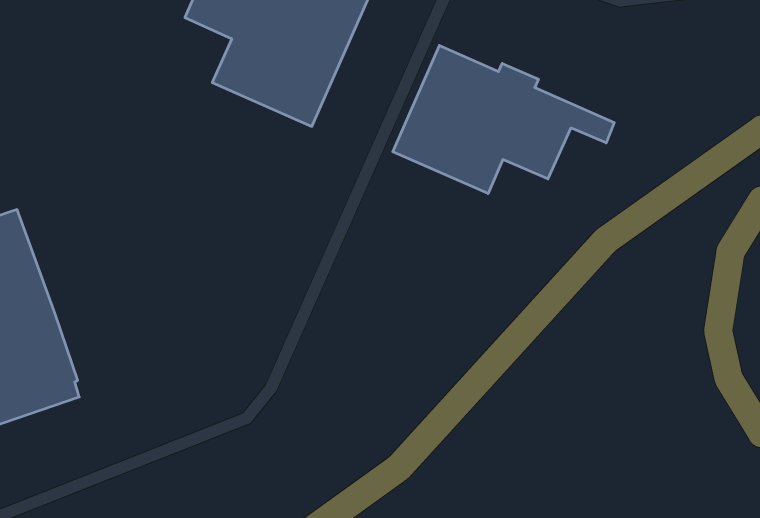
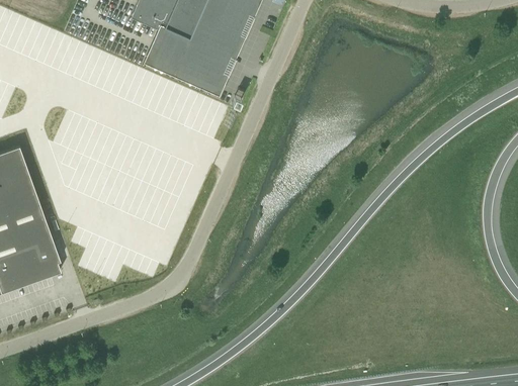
building: [393,45,614,194] -> none

